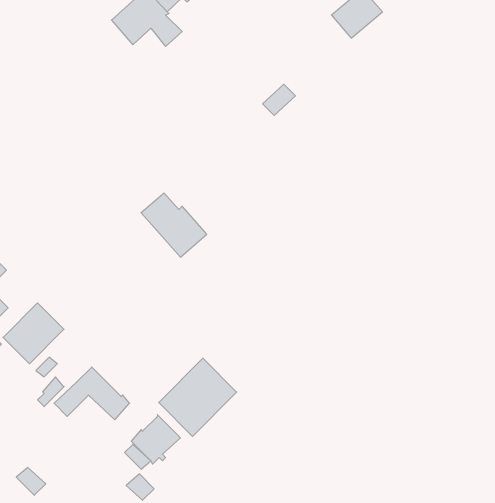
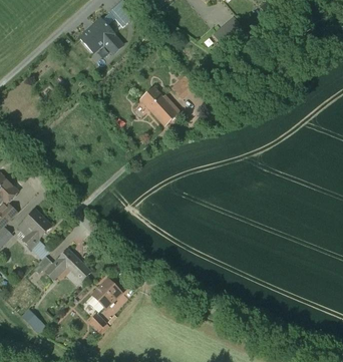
building: [141,193,207,257] -> [139,86,180,125]
building: [159,358,237,436] -> none

